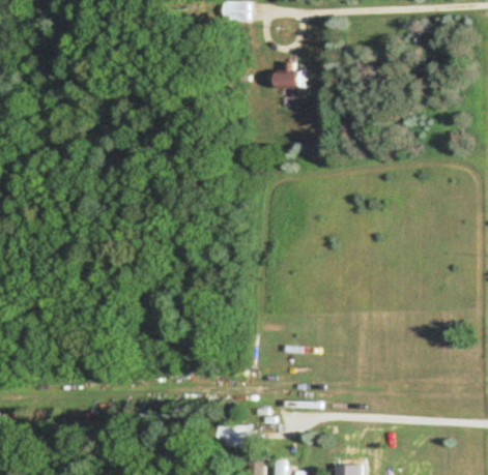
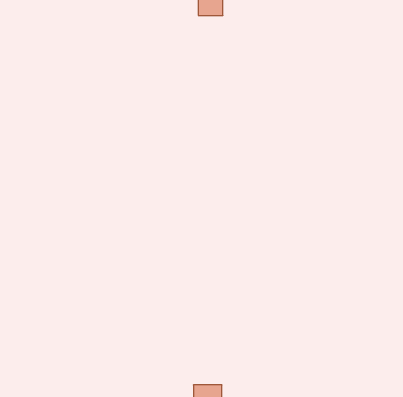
building: [272,71,305,86] -> none

